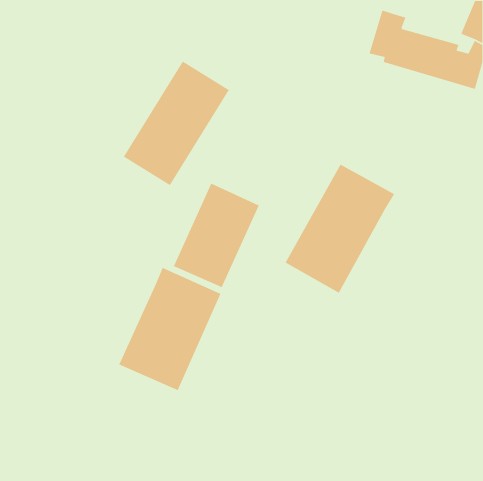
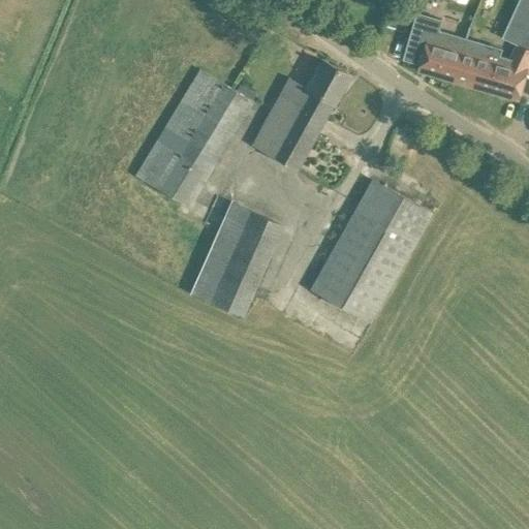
building: none -> [251,61,350,170]
building: [118,267,221,391] -> none

